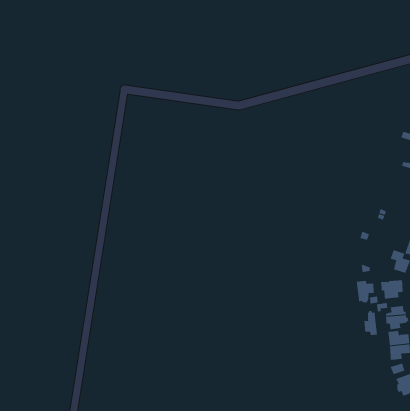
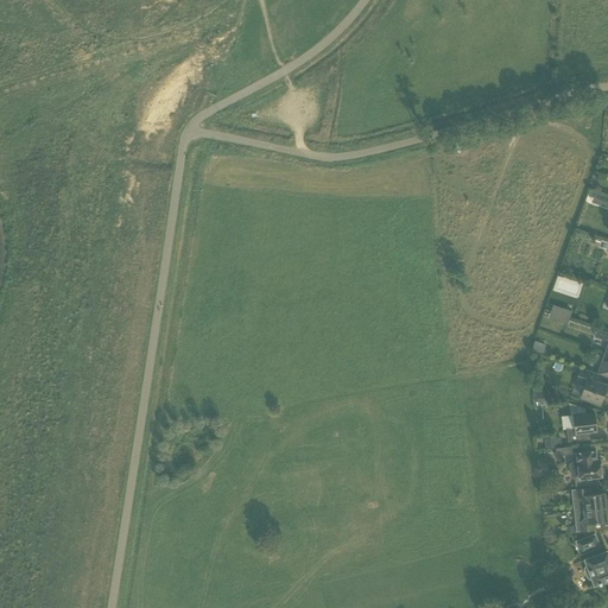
building: [356,280,374,303] -> none
building: [364,310,378,336] -> none

